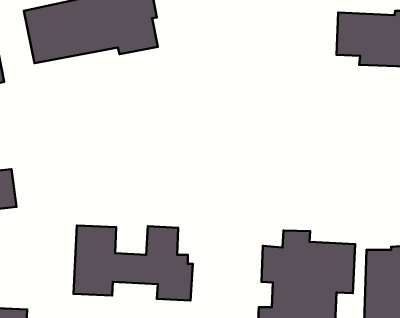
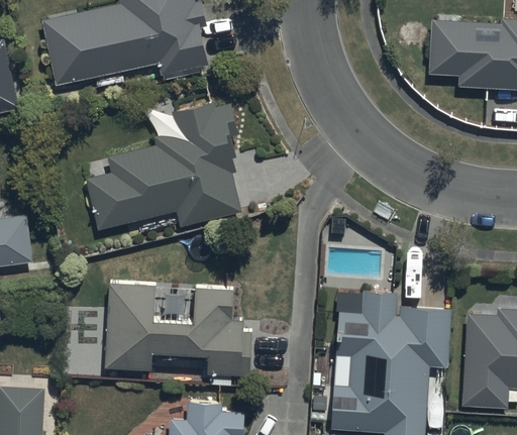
building: none -> [86,104,241,227]

